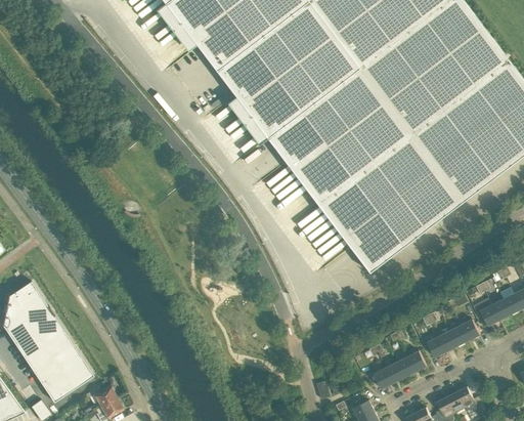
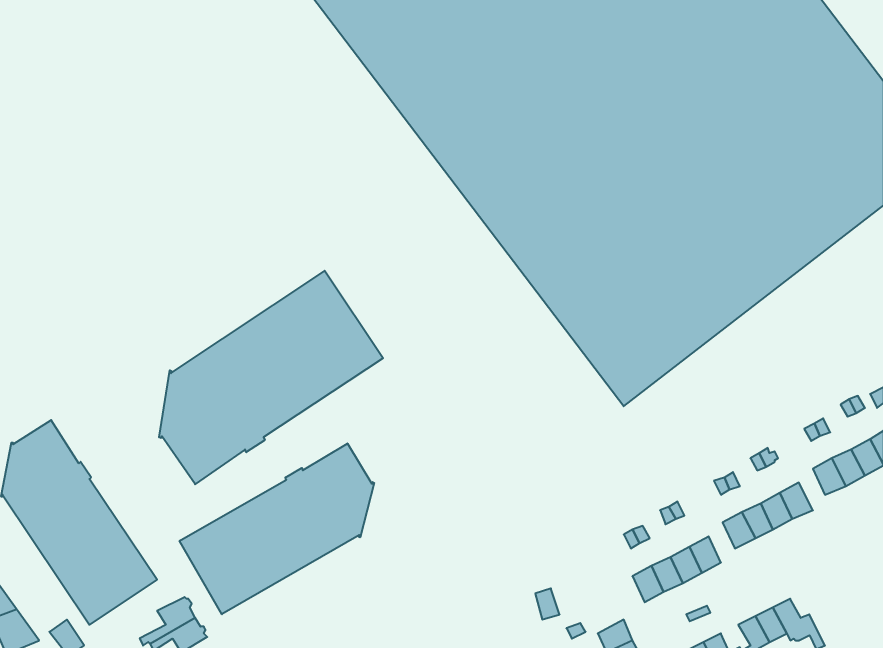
building: none -> [159,271,383,484]
building: none -> [180,443,374,614]

